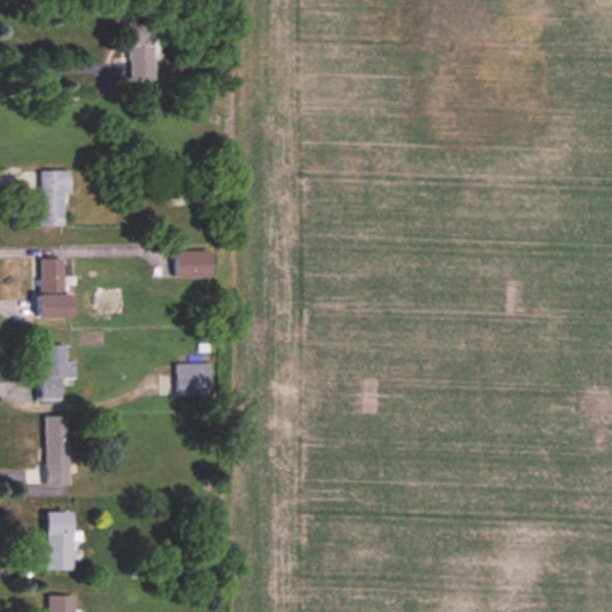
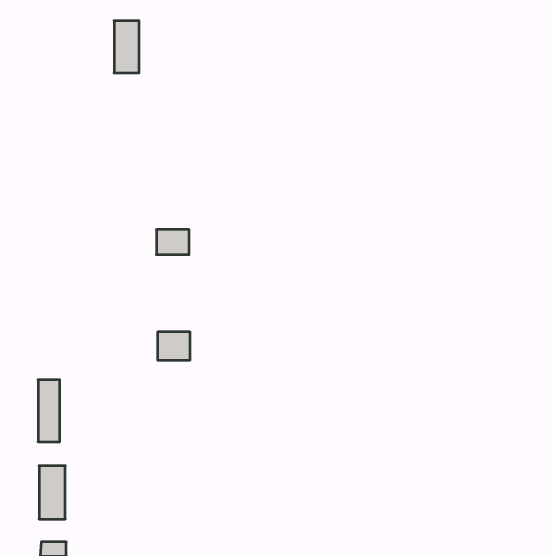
building: [39,171,72,227] -> none
building: [39,259,75,317] -> none
building: [39,345,78,403] -> none

